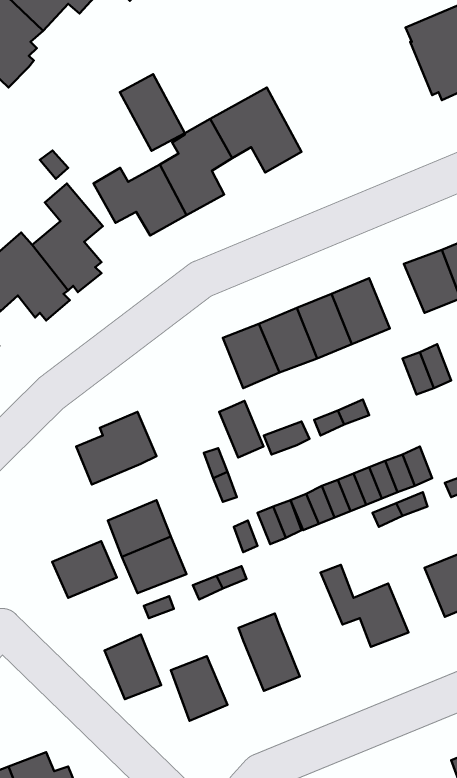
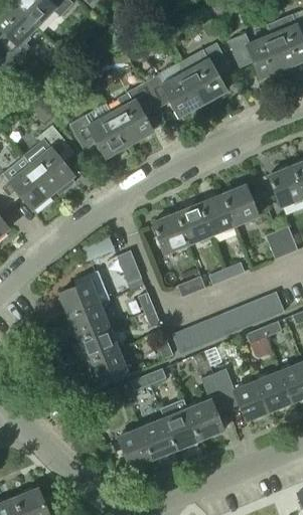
building: none -> [229,32,285,77]
building: none -> [179,42,230,104]
building: [120,74,185,151] -> none
building: [219,401,263,458] -> [114,249,142,286]
building: [52,541,117,598] -> [67,303,109,339]
building: none -> [257,369,293,410]
building: none -> [187,372,228,439]
building: [105,635,161,699] -> [141,415,177,457]

